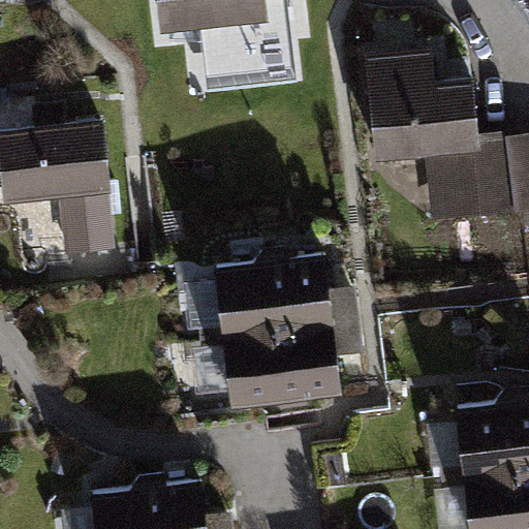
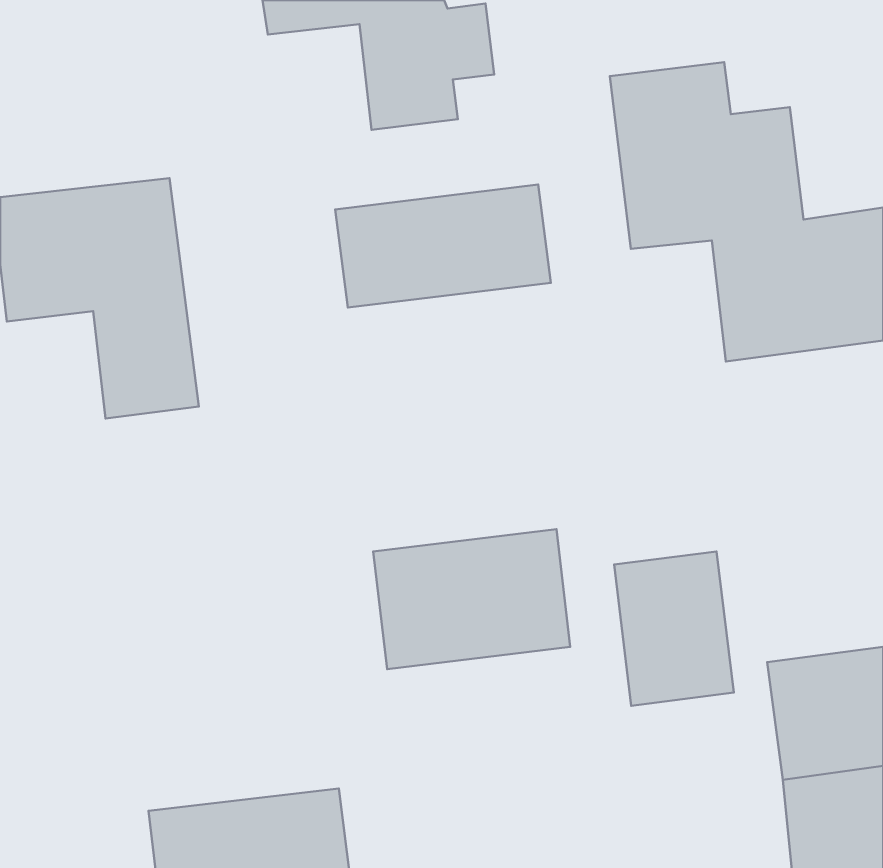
building: none -> [335,185,551,308]
building: [215,253,333,339] -> none
building: none -> [614,552,734,706]

